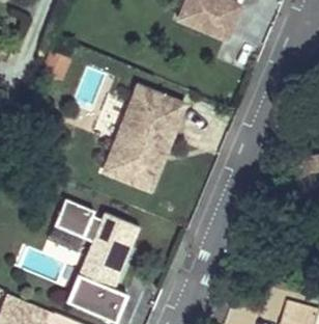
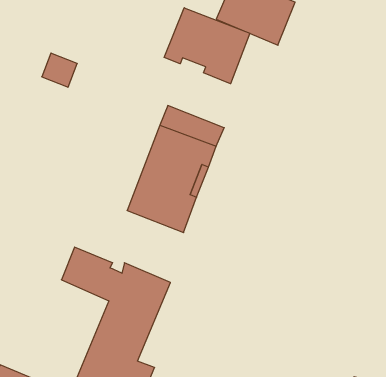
building: none -> [164,8,250,84]

